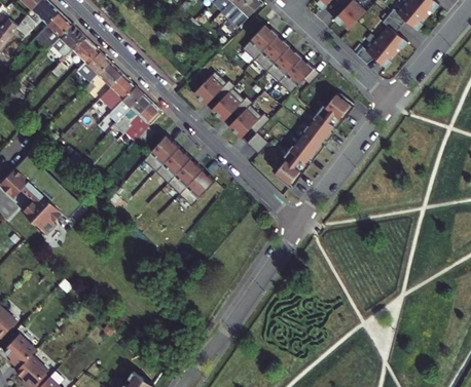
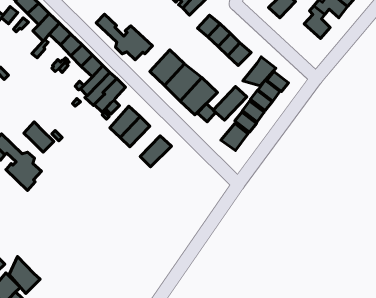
building: none -> [96,14,152,60]
building: [352,36,392,66] -> none
building: none -> [243,57,276,86]
building: none -> [213,86,247,120]
building: none -> [24,122,54,152]
building: [166,157,202,193] -> none
building: none -> [9,256,40,293]

